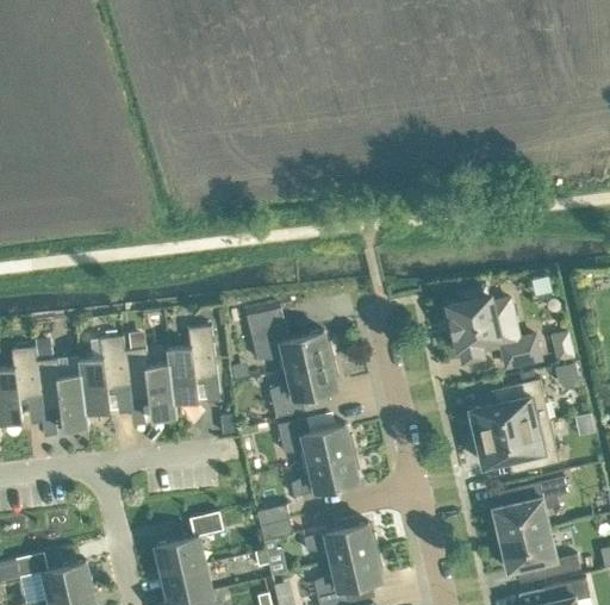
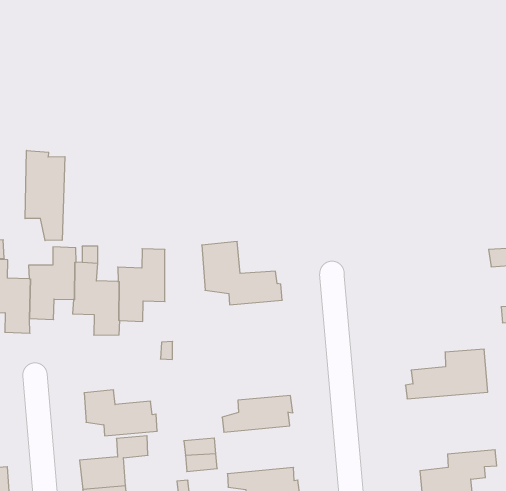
building: none -> [25,150,65,241]
building: [447,295,539,367] -> none
building: [268,358,337,418] -> none
building: [276,417,354,463] -> [84,390,157,436]
building: [469,420,558,472] -> none

